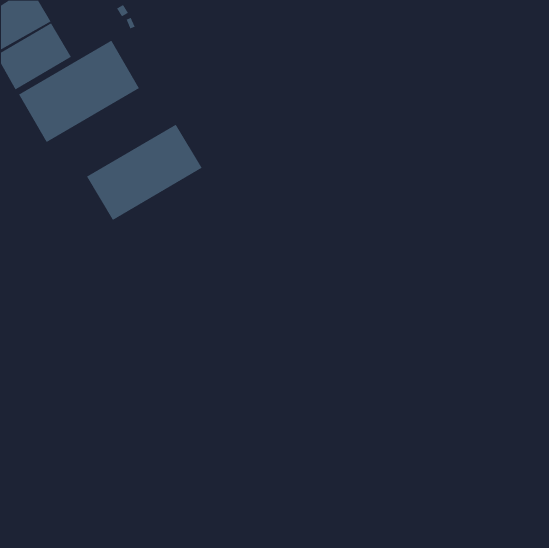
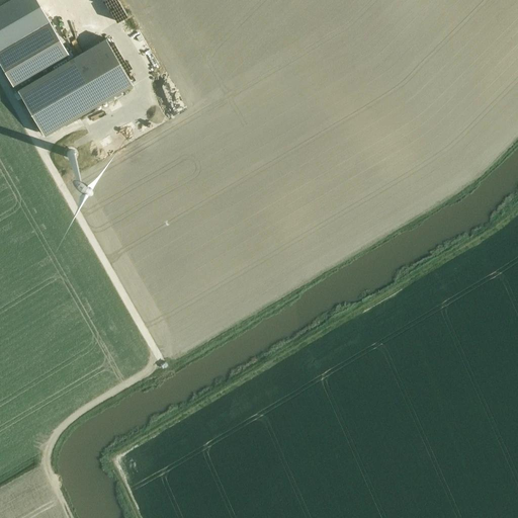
building: [86,124,202,221] -> none

